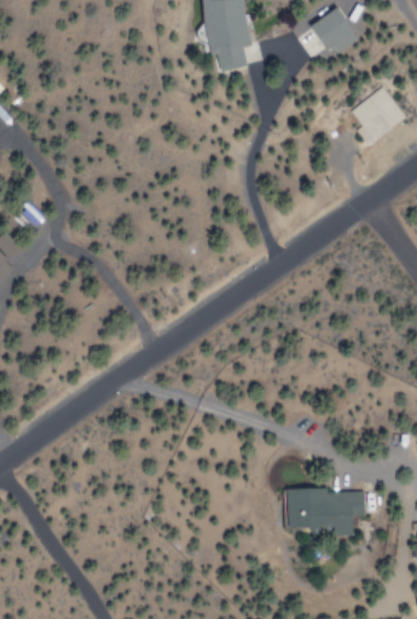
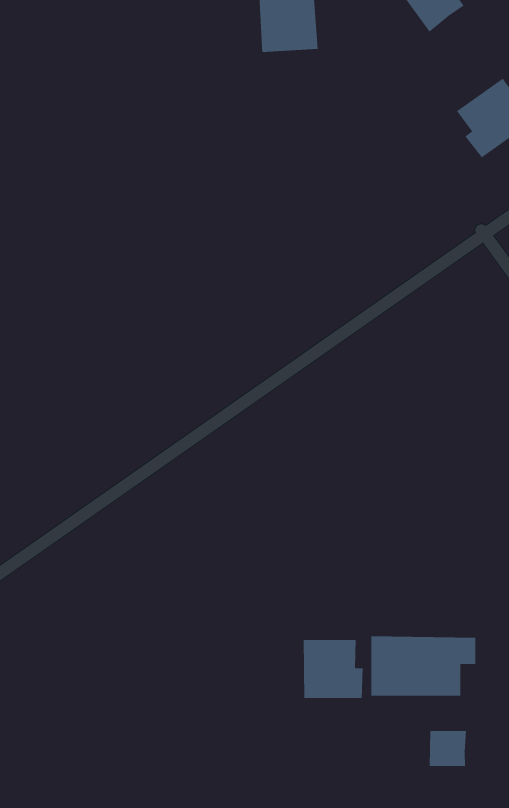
building: none -> [303,639,363,699]
building: none -> [429,730,466,767]

